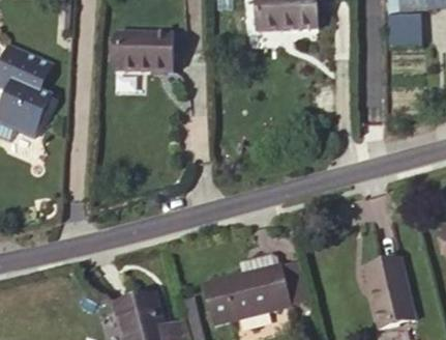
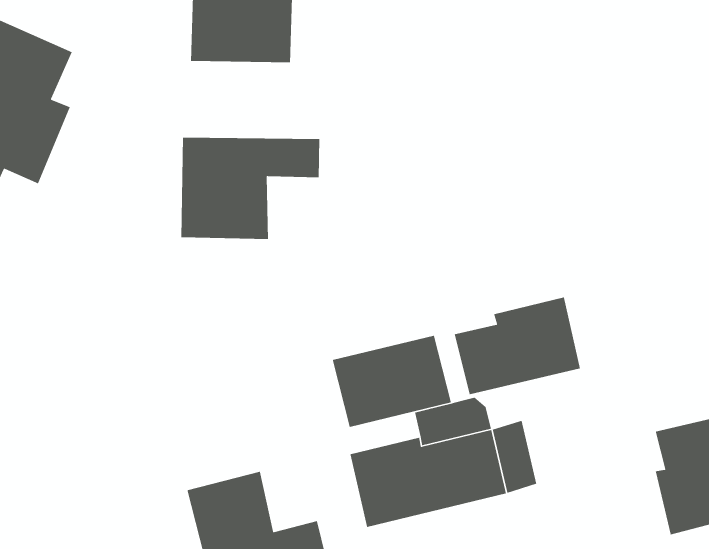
building: none -> [180,137,320,240]
building: none -> [454,296,581,395]
building: none -> [332,335,452,428]

